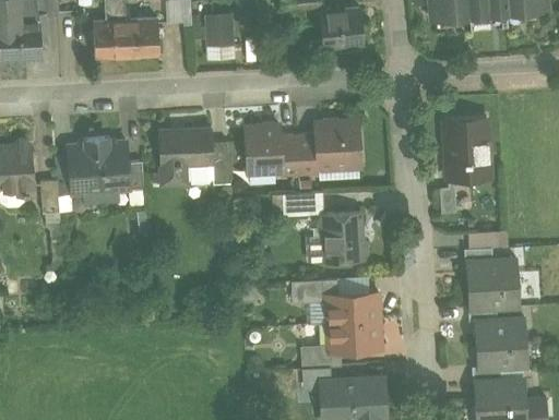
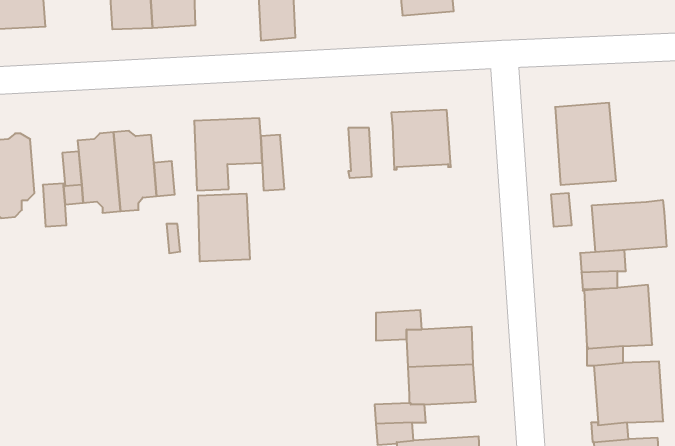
building: [245,125,283,171] -> none
building: [297,134,319,173] -> none
building: none -> [198,194,250,262]
building: none -> [592,200,666,252]
building: [283,192,323,211] -> none
building: [319,212,367,261] -> none

